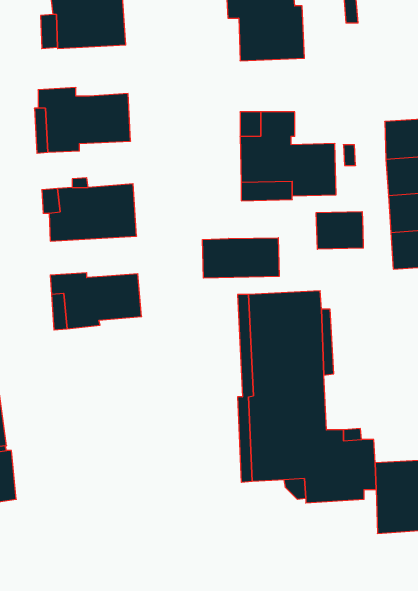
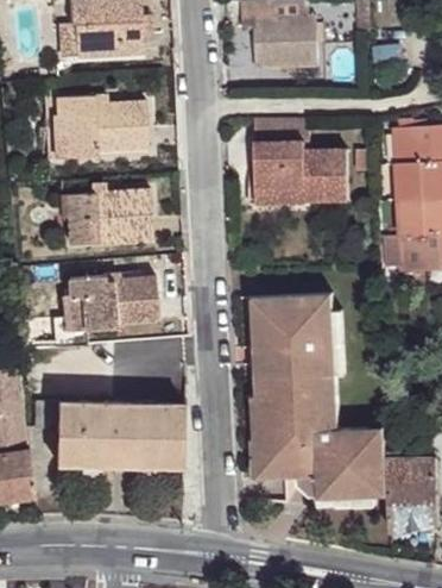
building: [316,212,363,249] -> none
building: [203,238,279,278] -> none
building: none -> [33,401,183,467]

